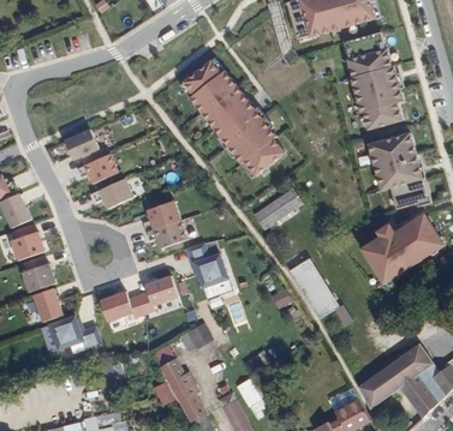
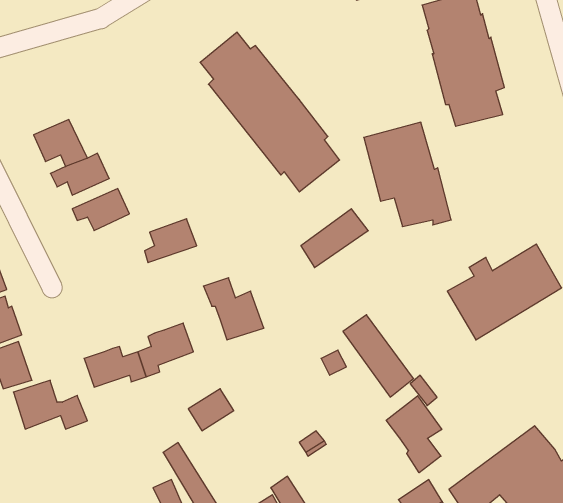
building: [366,137,429,211] -> [364,122,451,227]
building: [145,217,186,246] -> none
building: none -> [386,396,442,473]

